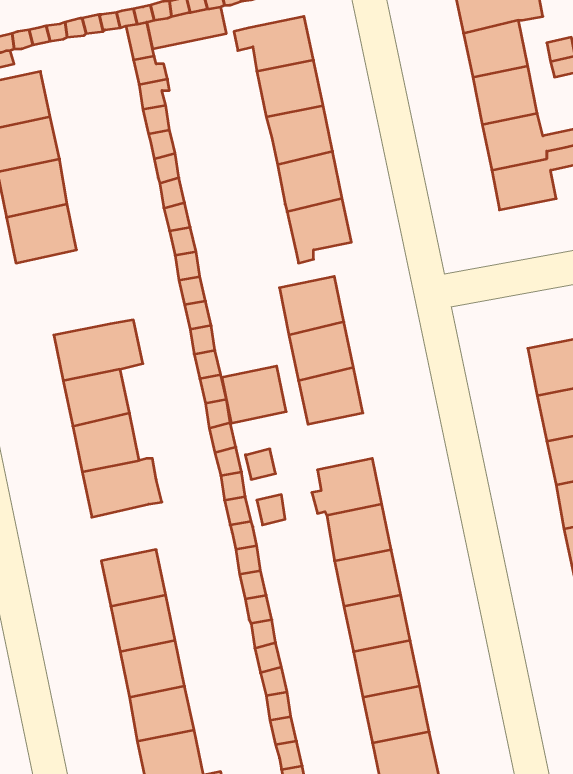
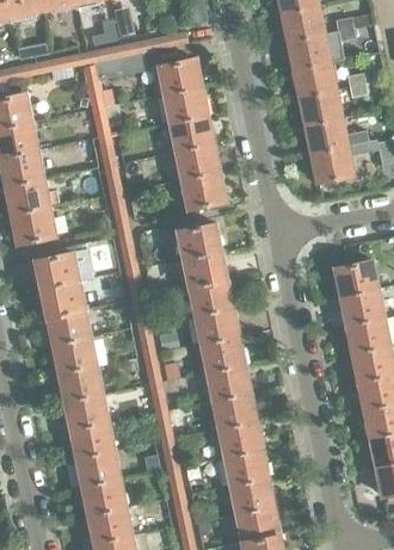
building: none -> [12,206,56,245]
building: [222,366,286,423] -> [196,309,236,345]
building: none -> [60,366,100,402]

